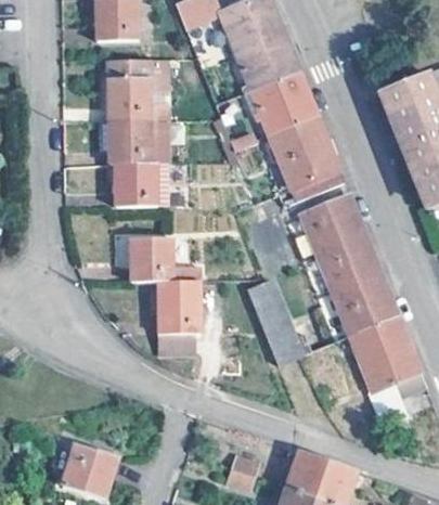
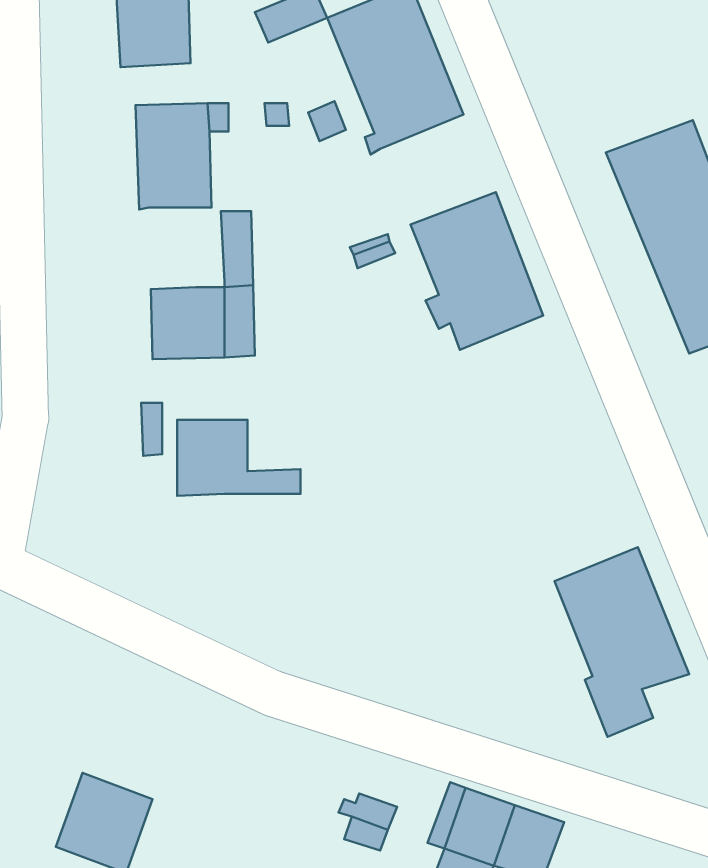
building: [248,66,314,129] -> none
building: [116,121,159,163] -> none
building: [299,193,396,333] -> none
building: [159,285,204,359] -> none
building: [247,285,298,368] -> none

